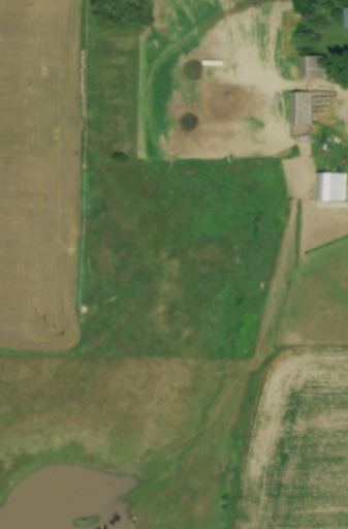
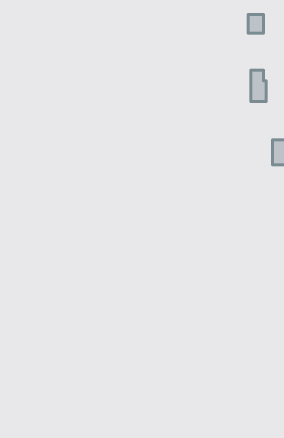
building: [302,57,319,79] -> [248,14,263,33]

